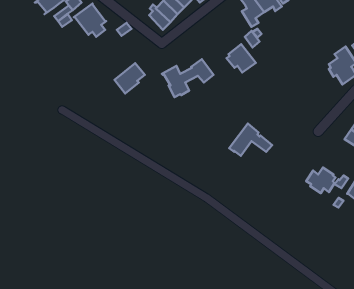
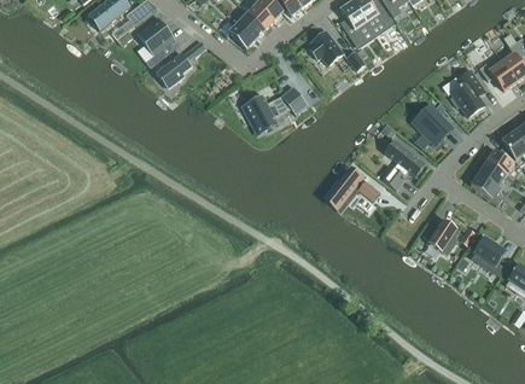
building: [227,44,256,73] -> [308,30,344,65]
building: [115,63,145,93] -> [154,52,192,89]
building: none -> [416,105,453,146]
building: none -> [383,142,425,190]

